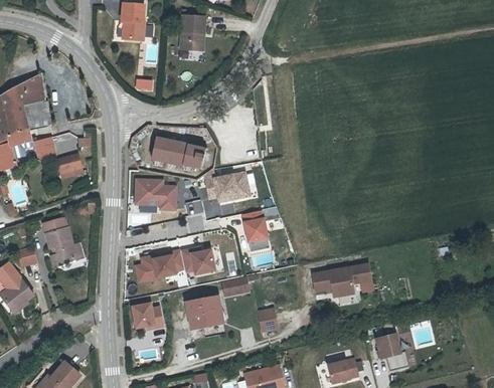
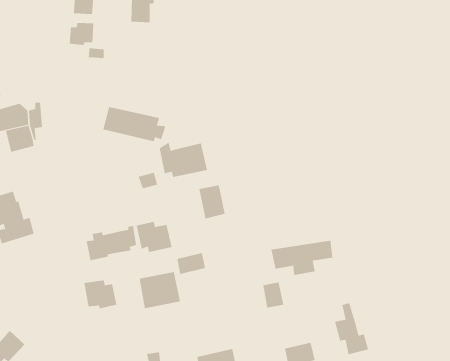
building: none -> [69,22,94,46]
building: [136,178,179,212] -> none
building: [259,307,280,332] -> [262,282,284,308]

